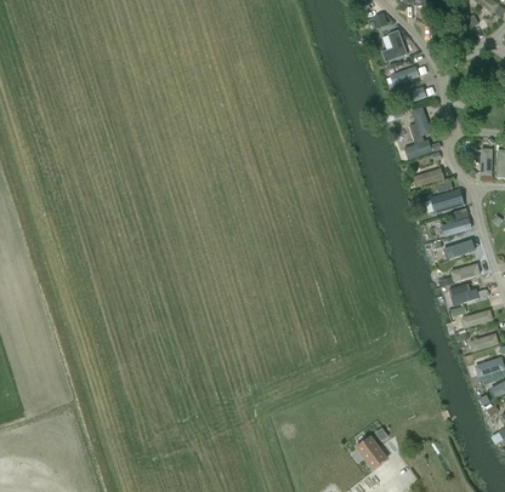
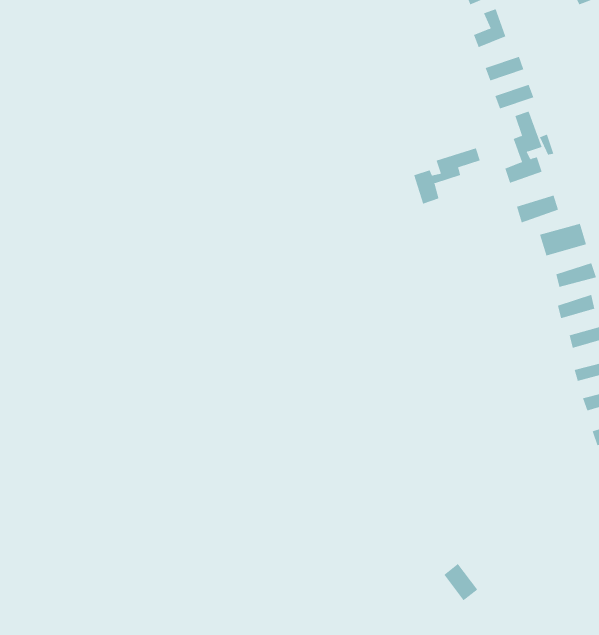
building: none -> [413,148,480,204]

